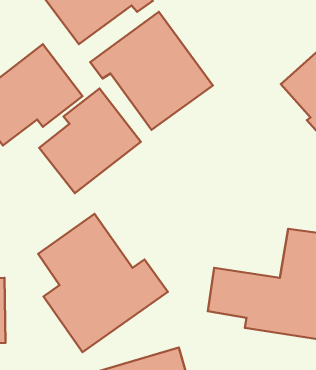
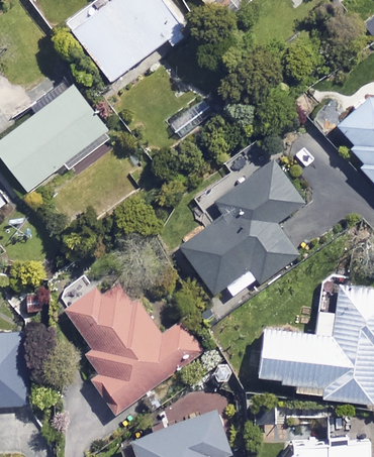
building: [90,12,213,130] -> none
building: [39,89,141,193] -> none
building: none -> [179,157,306,298]

